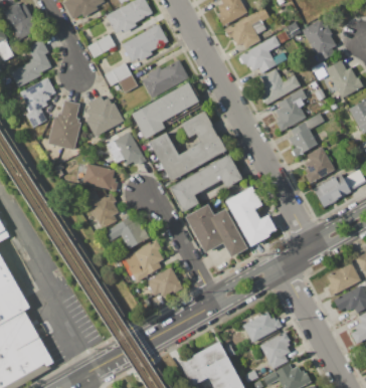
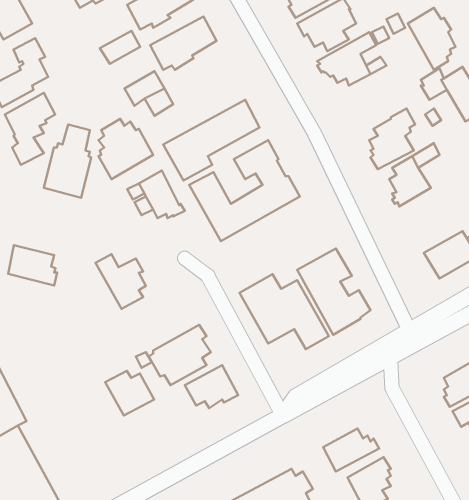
building: [142,59,188,98] -> none
building: [258,68,300,105] -> none
building: [304,146,335,183] -> none
building: [169,154,242,212] -> none
building: [82,163,117,191] -> [8,245,57,285]
building: [115,217,149,248] -> [105,371,154,415]

